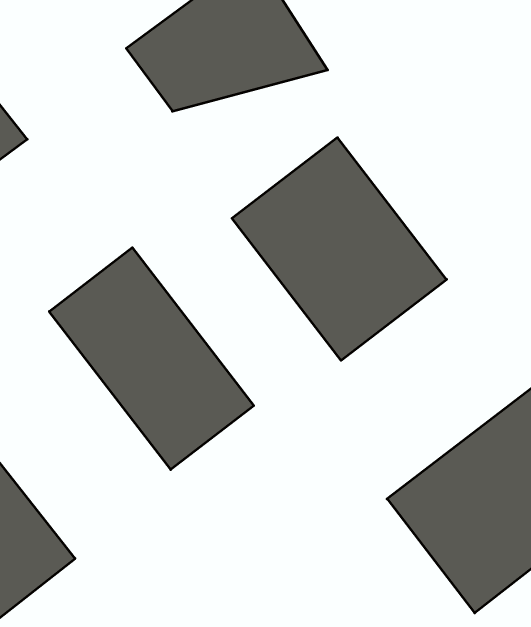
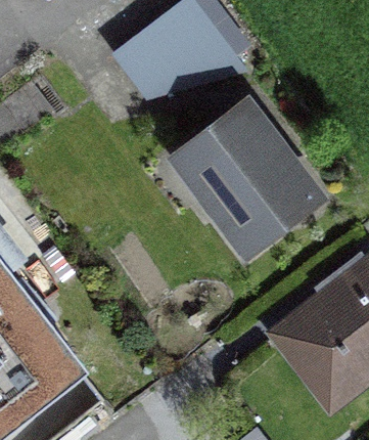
building: [49,248,254,470] -> none

